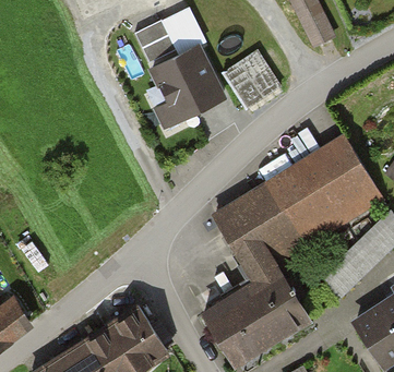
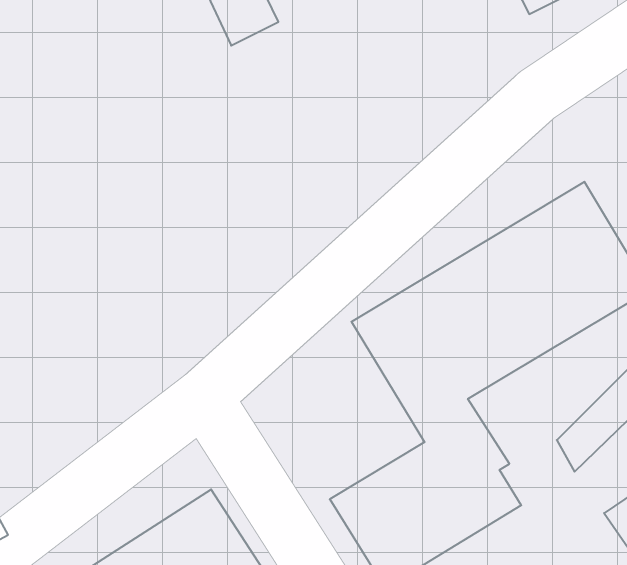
building: [152,46,222,120] -> none
building: [222,50,279,108] -> none

